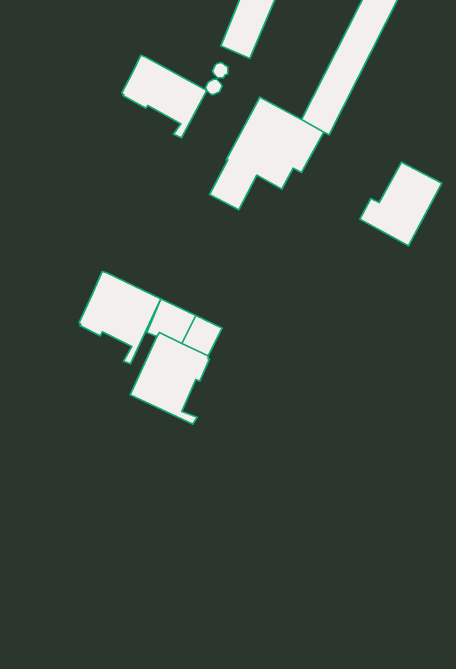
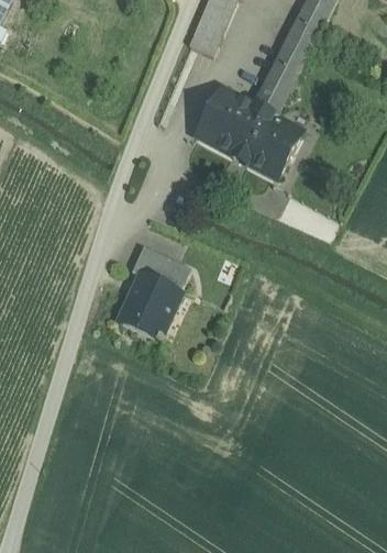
building: [122,55,207,138] -> none
building: [360,162,442,246] -> [239,112,303,178]
building: [79,272,161,364] -> none

